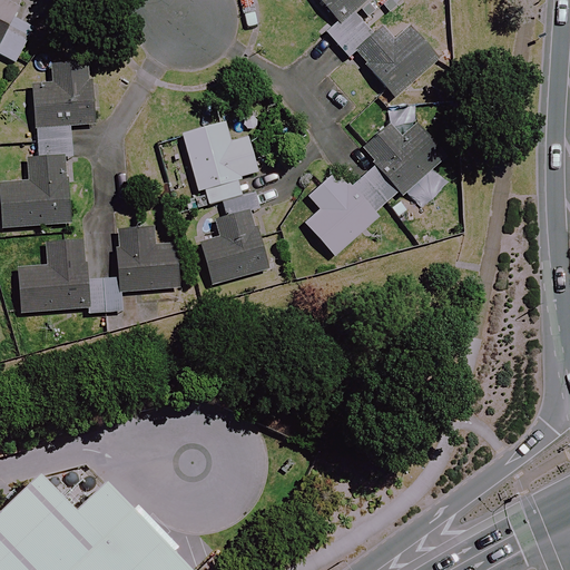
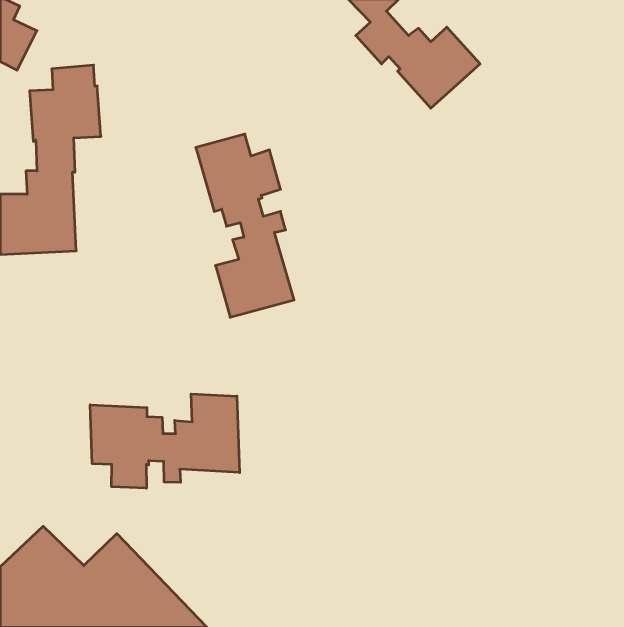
building: [301,120,446,256] -> none
building: [14,225,183,315] -> none
building: none -> [90,394,240,488]

